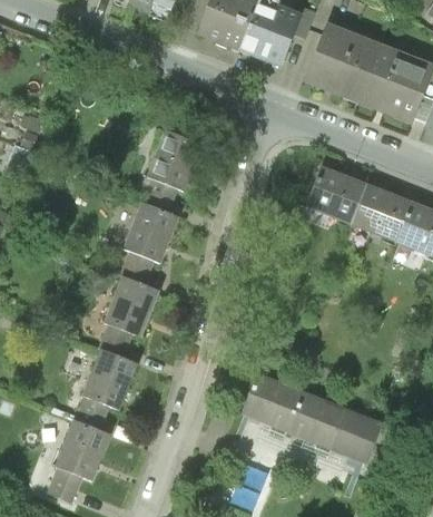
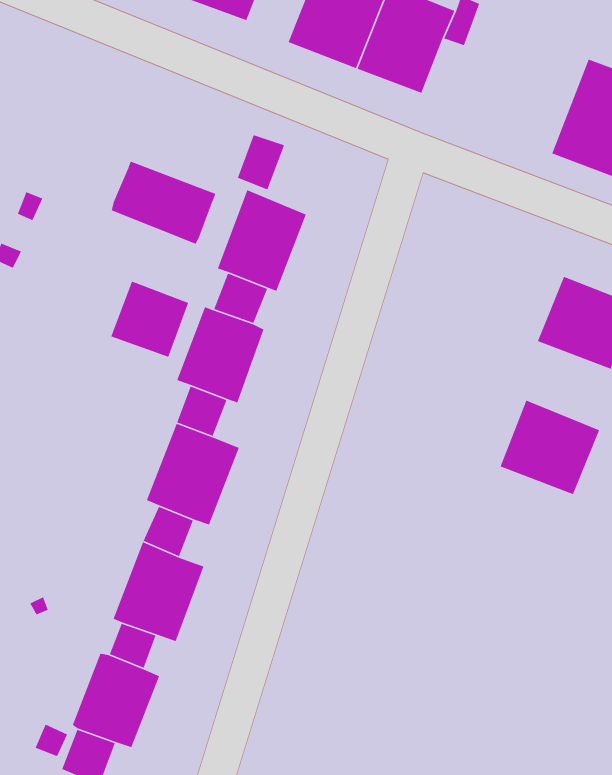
building: [302,23,381,105] -> none
building: none -> [237,134,285,190]
building: none -> [111,160,217,245]
building: [302,163,365,223] -> [499,400,600,495]
building: none -> [110,281,189,358]
building: [238,371,381,461] -> none

